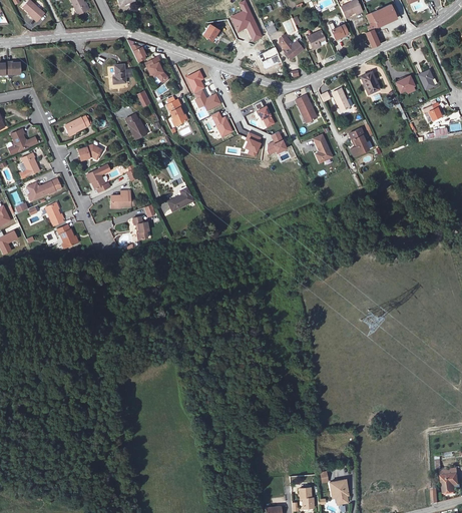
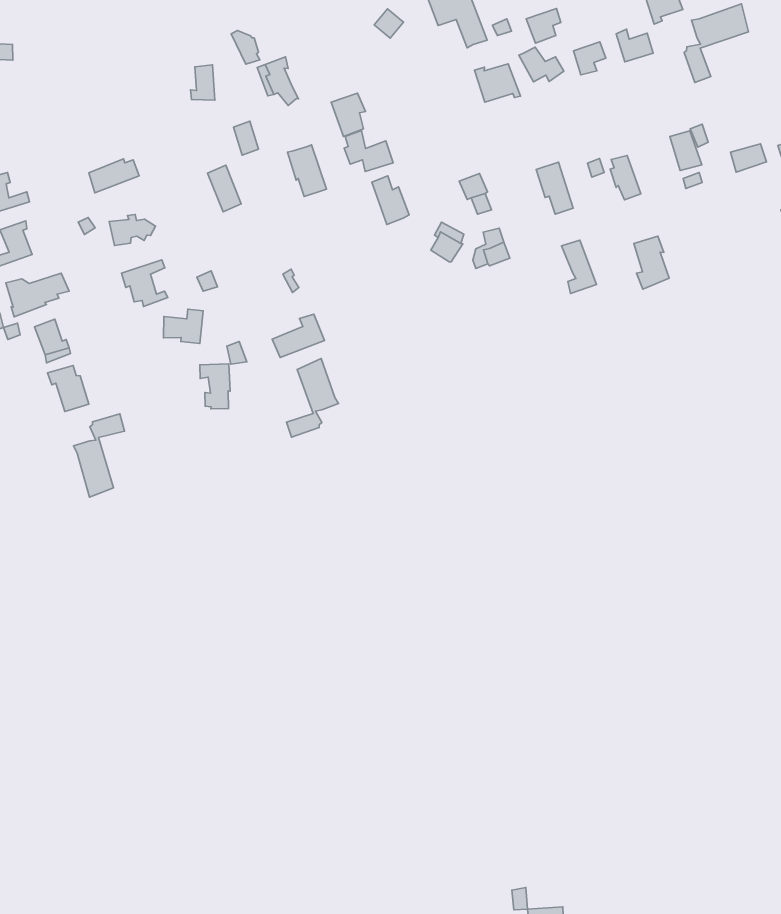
building: none -> [286,358,338,437]
building: none -> [73,414,125,497]

